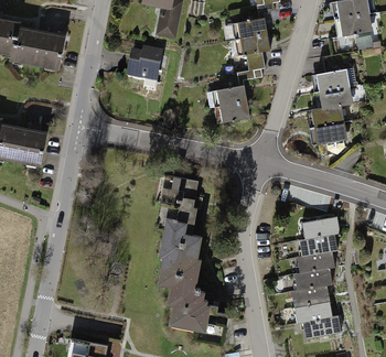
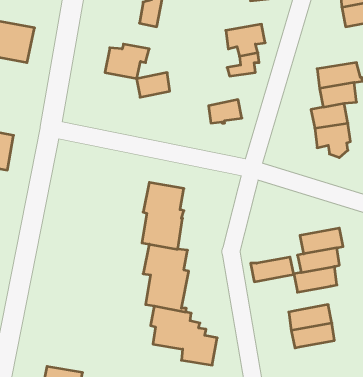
building: [227,18,267,41] -> none
building: [216,85,246,107] -> [136,73,170,97]
building: [293,268,332,290] -> [251,257,294,282]
building: [302,315,341,338] -> none

